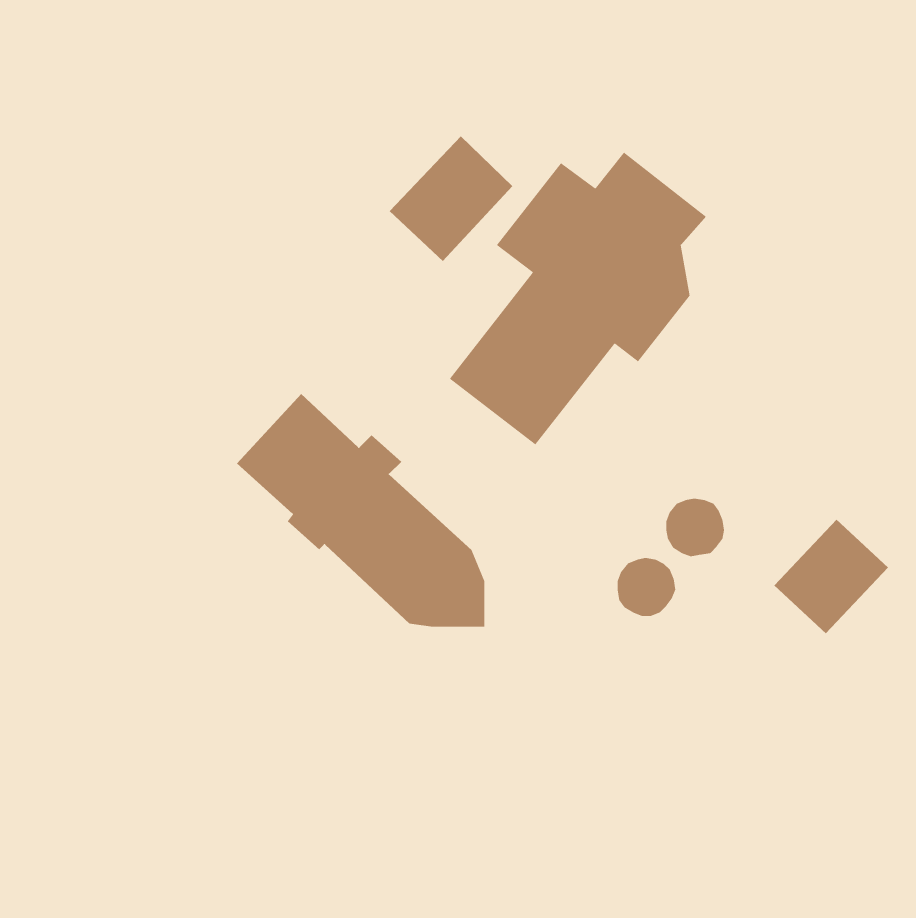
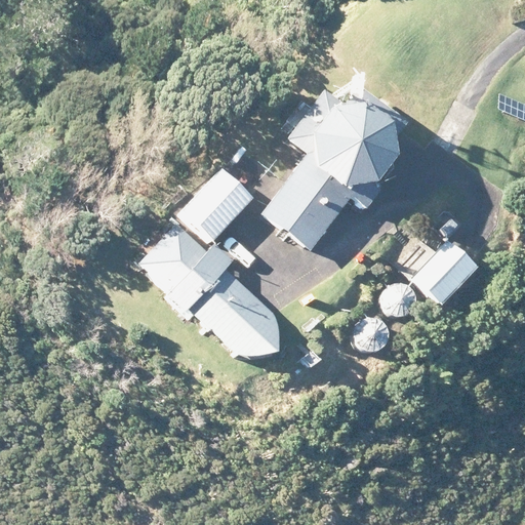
building: [389,136,513,262] -> [180,167,251,239]
building: [774,519,889,634] -> [410,242,476,308]

